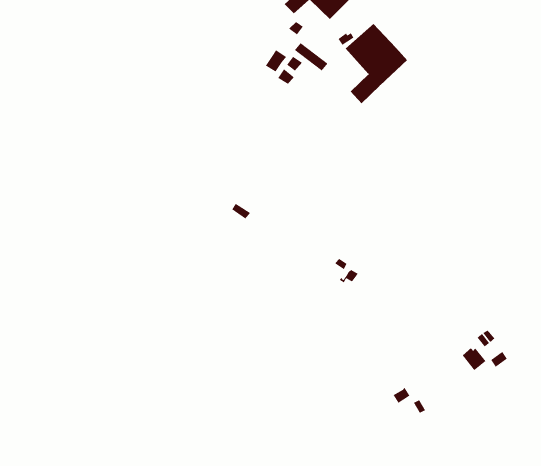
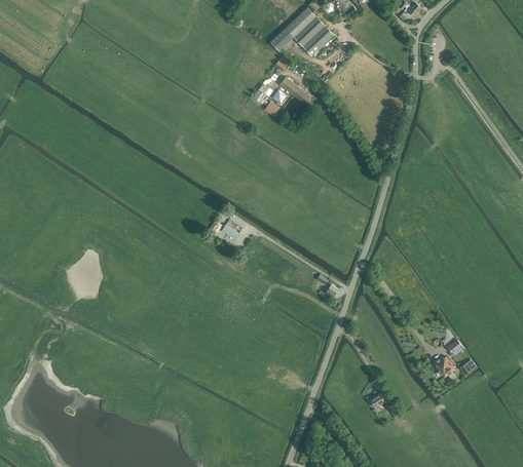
building: [345,23,408,104] -> none

